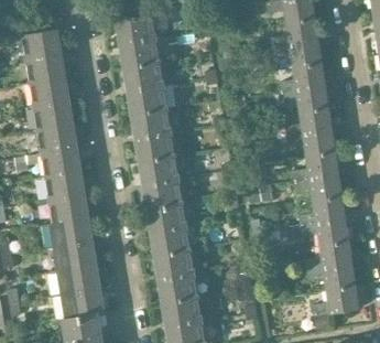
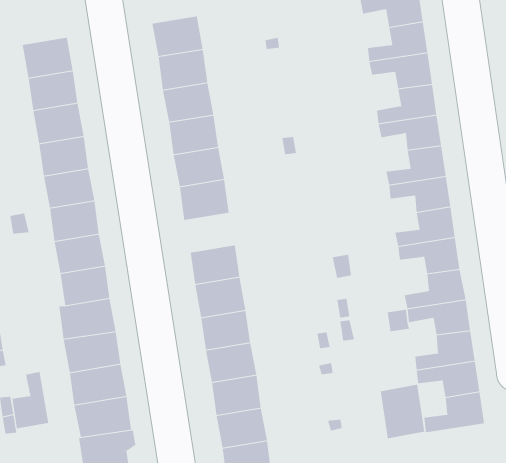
building: [141,157,178,185] -> none
building: none -> [12,371,49,429]
building: none -> [380,384,425,439]

